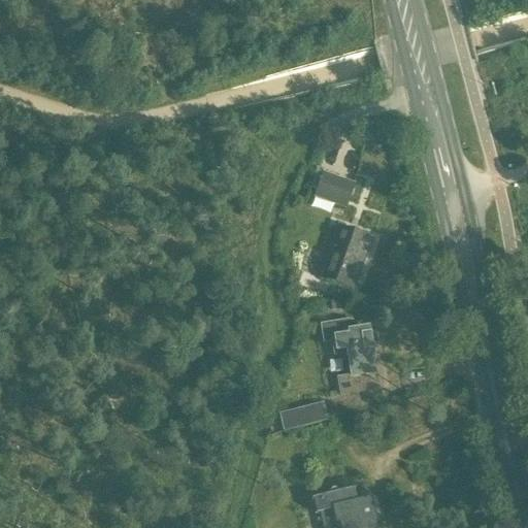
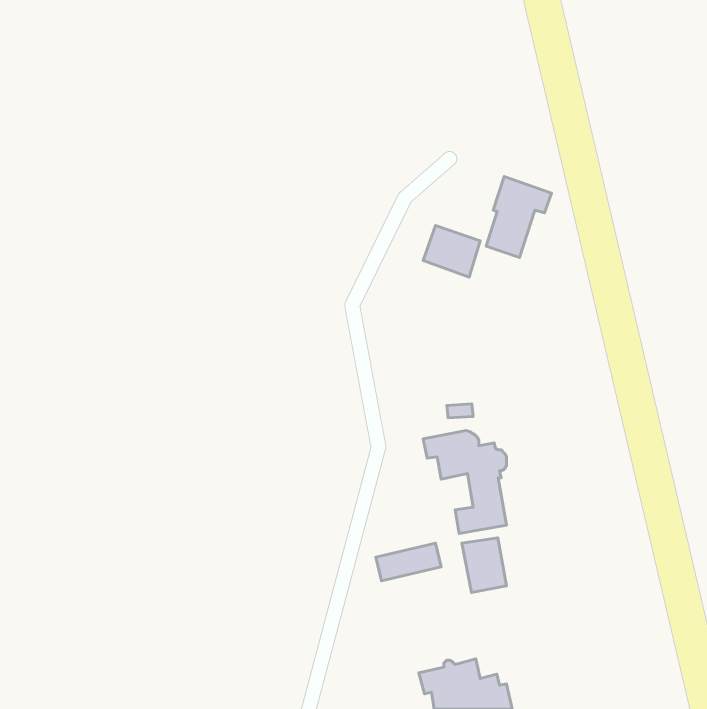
building: [326,226,374,286] -> [486,177,552,257]
building: none -> [462,538,507,592]

